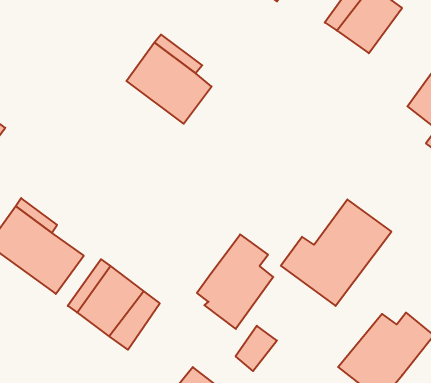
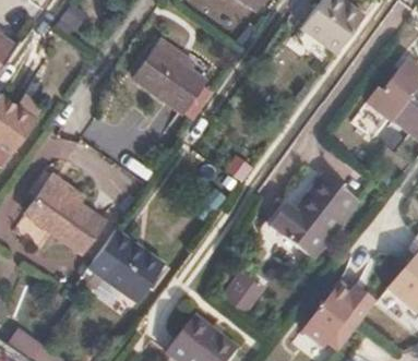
building: [197,234,273,329] -> none

